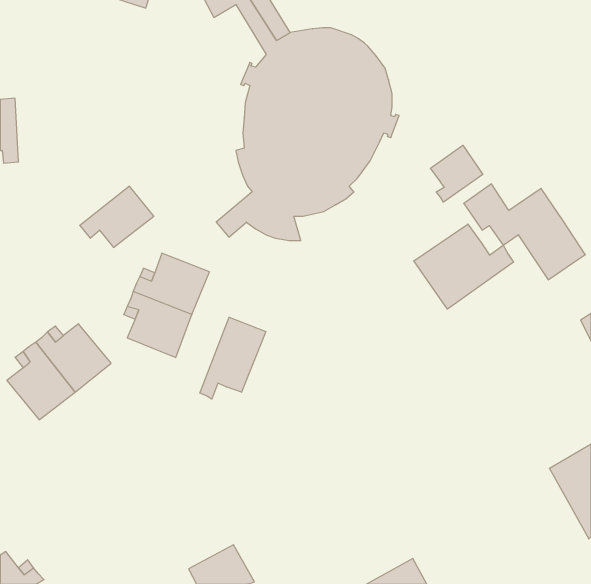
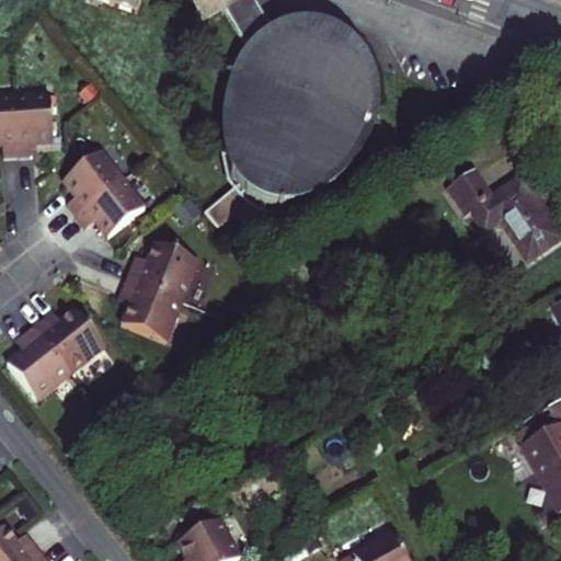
building: none -> [14,91,53,153]
building: [430,145,483,202] -> none
building: none -> [62,148,123,214]
building: [414,224,514,309] -> none
building: [200,317,266,399] -> none

